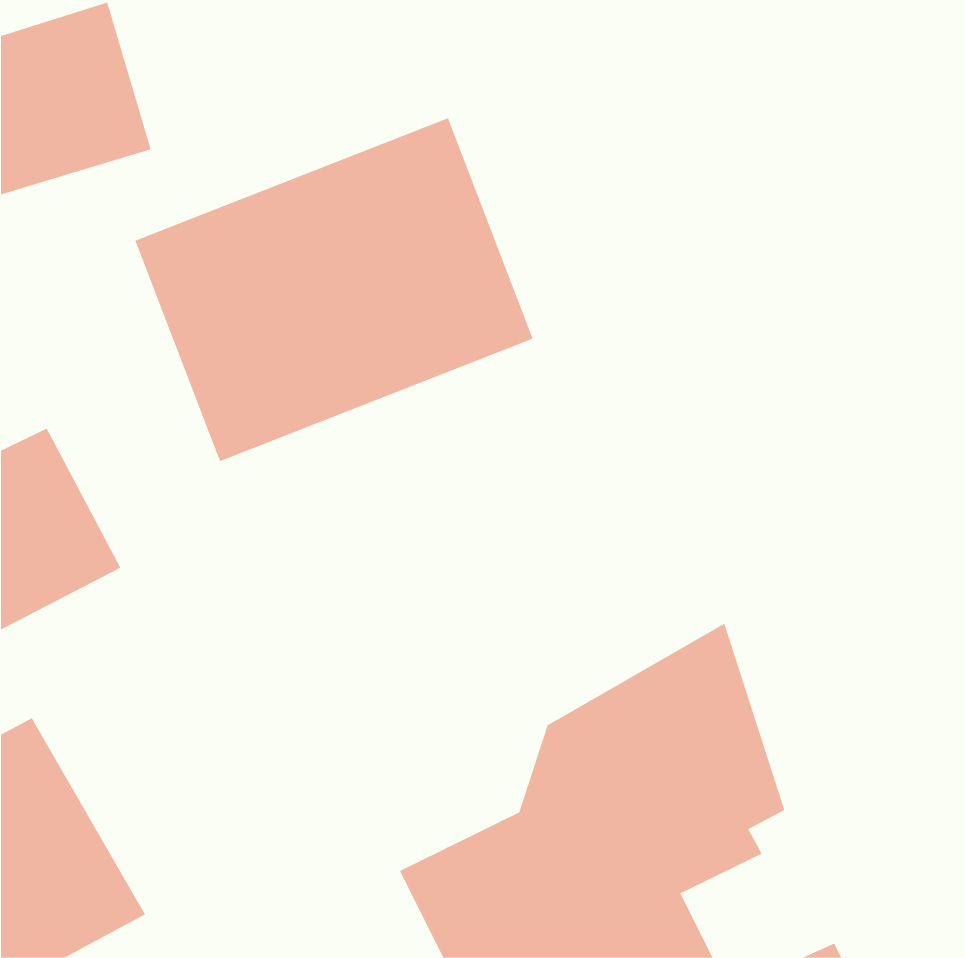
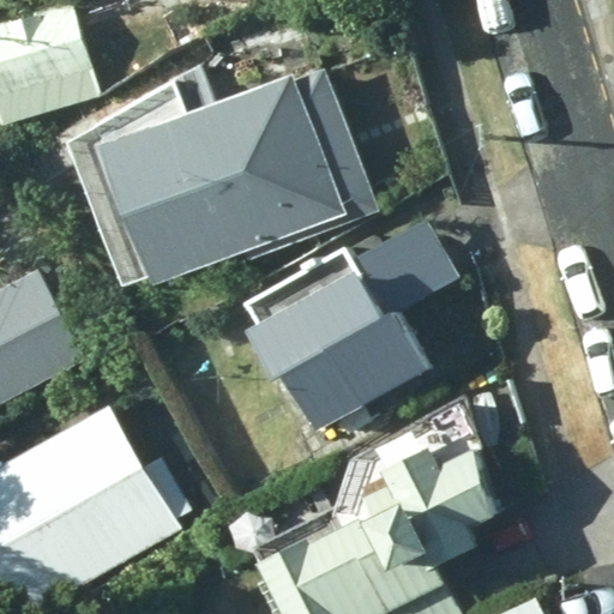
building: none -> [234,246,419,441]
building: none -> [22,397,194,579]

